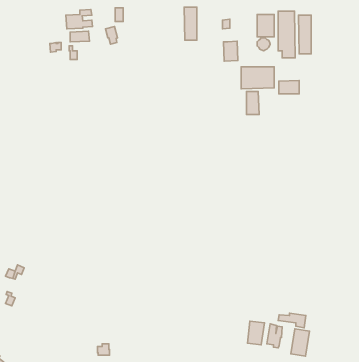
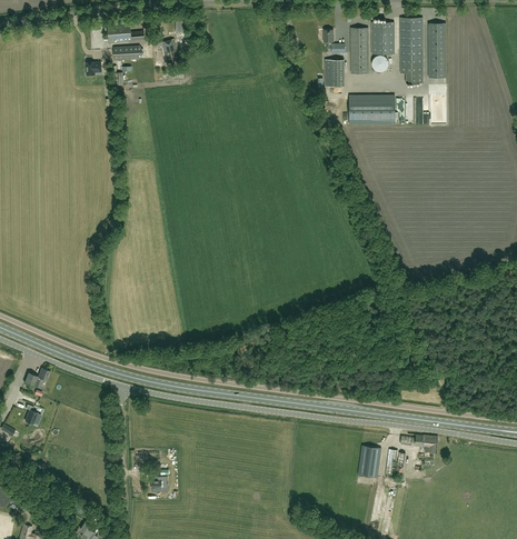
building: [184,7,197,40] -> [349,29,367,74]
building: [279,81,299,94] -> none
building: [247,92,259,114] -> none
building: [291,329,309,356] -> none

